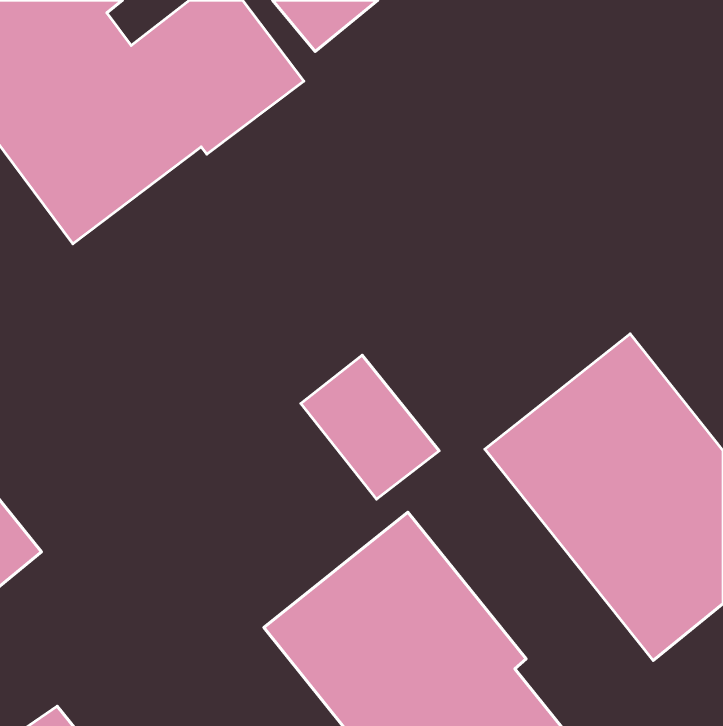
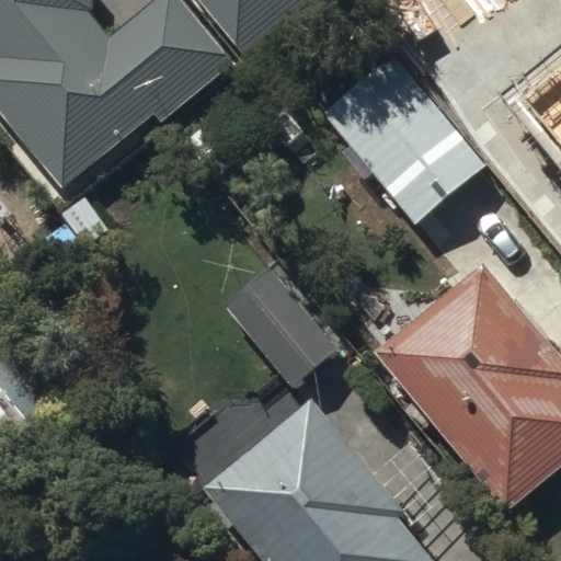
building: none -> [320,53,484,224]

